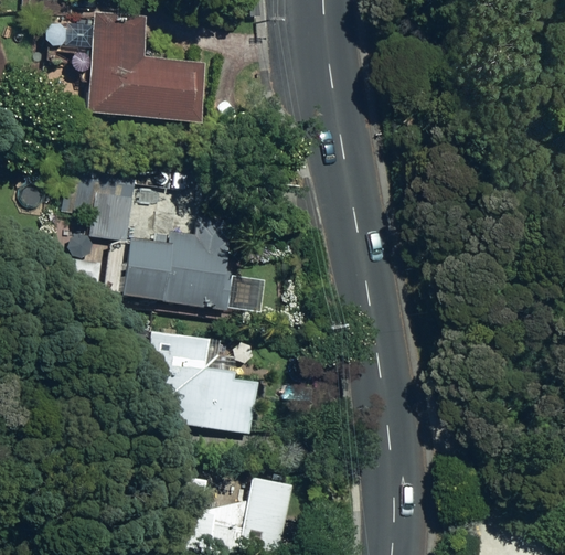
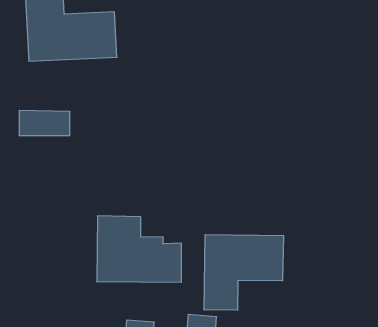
building: [121,215,234,309] -> none
building: none -> [204,235,283,310]

